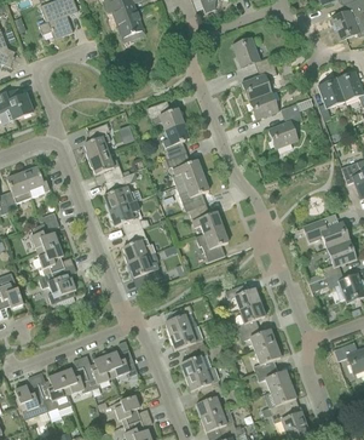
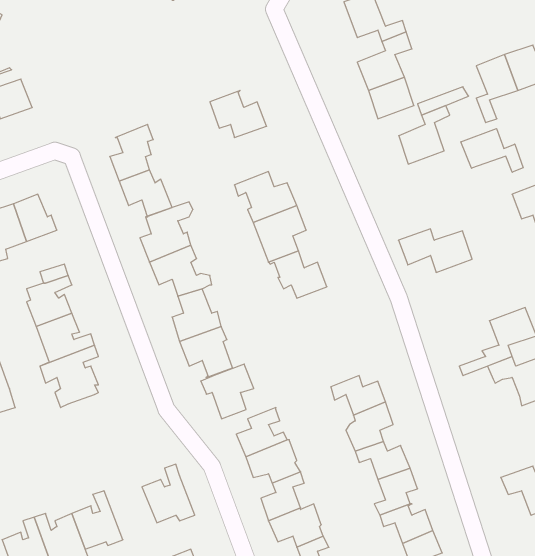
building: [161,124,190,161] -> none
building: none -> [461,129,523,172]
building: [302,221,349,248] -> [398,229,472,272]
building: [195,227,229,262] -> [201,364,254,419]
building: [80,355,114,389] -> none

